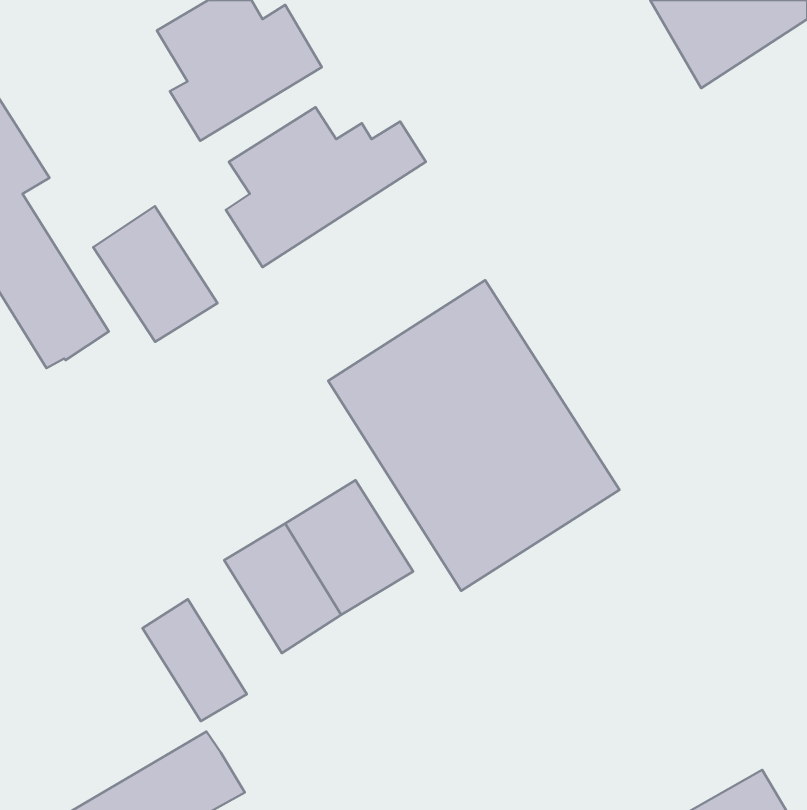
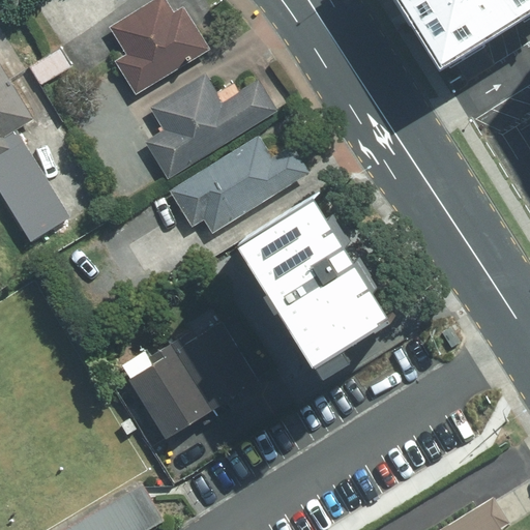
building: none -> [169,136,307,234]
building: [93,206,218,342] -> none
building: [143,599,247,721] -> none

